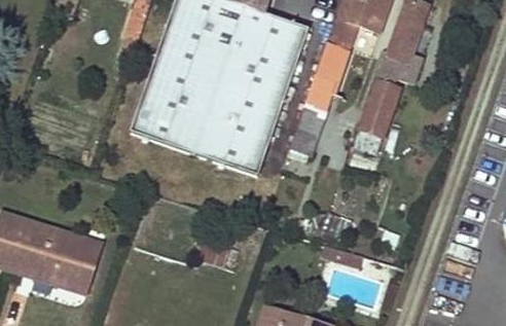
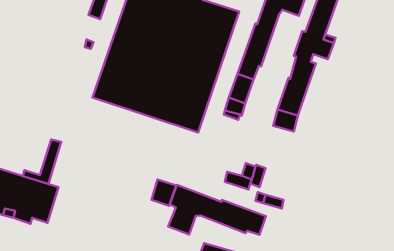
building: none -> [168,185,266,235]
building: [56,239,102,292] -> [23,139,61,184]

